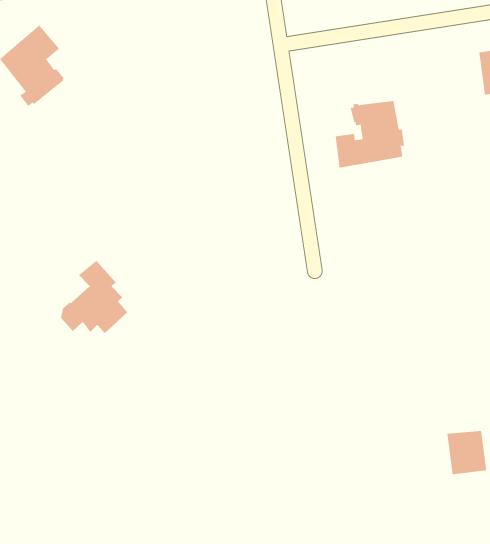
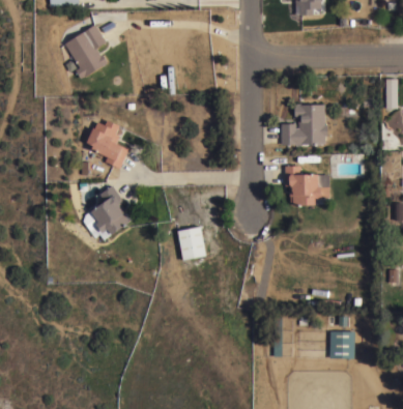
building: none -> [87,119,128,168]
building: none -> [285,165,329,205]
building: none -> [178,226,206,256]

